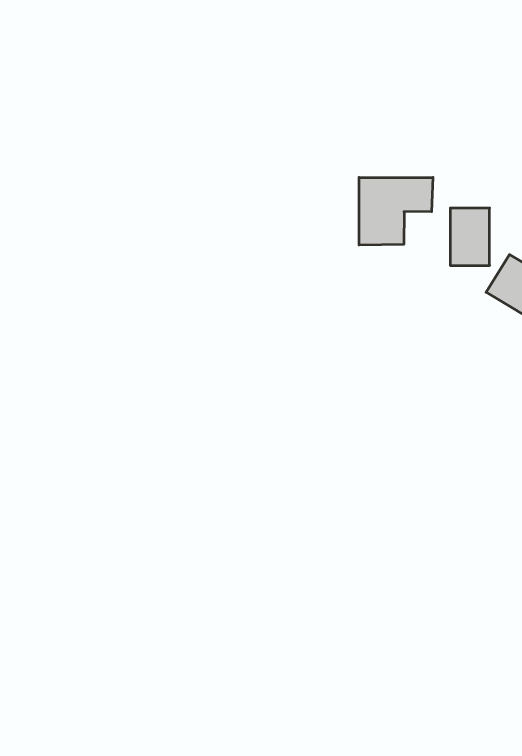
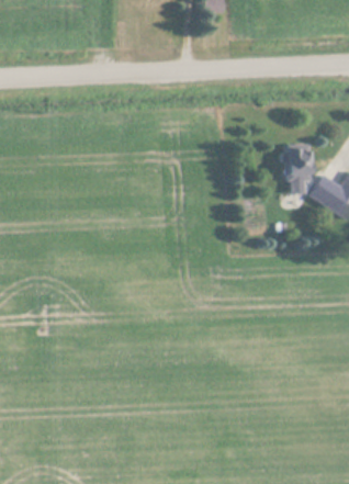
building: [359,177,433,245] -> none

